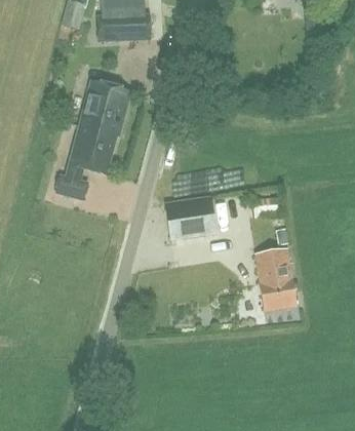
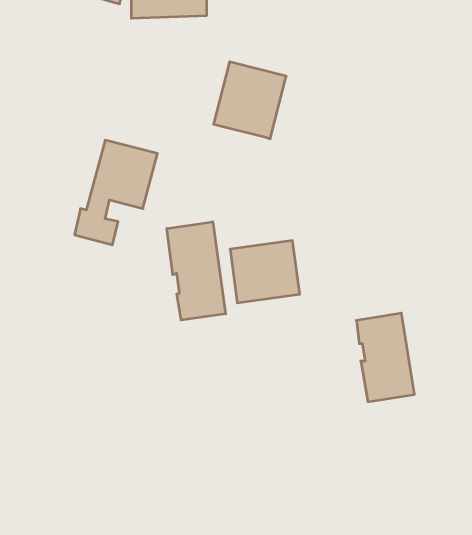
building: [78,80,129,134] -> [214,62,286,139]
building: none -> [167,222,226,320]

